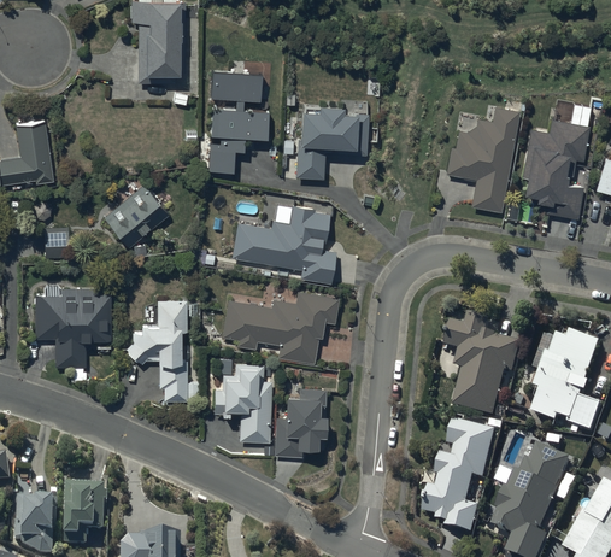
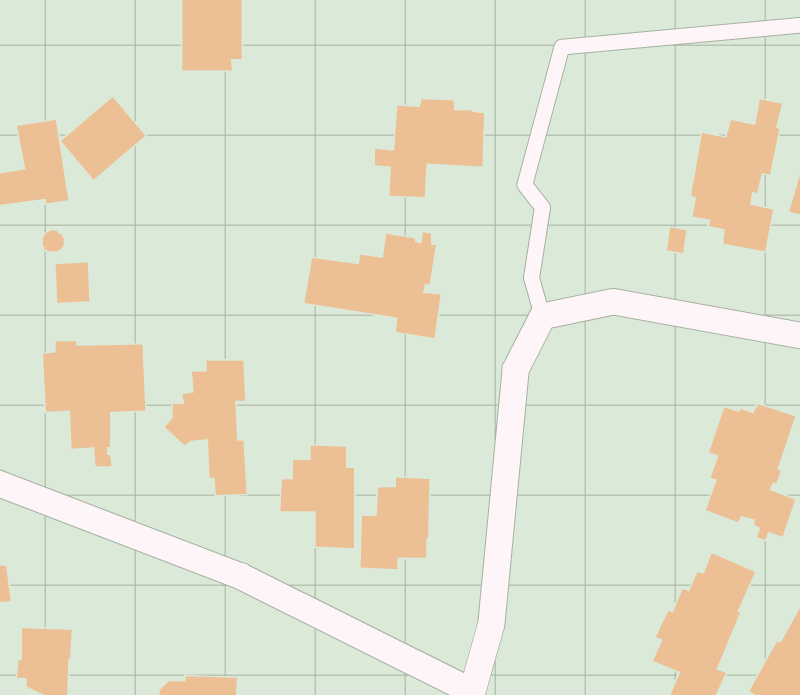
building: [210,70,268,171] -> none
building: [446,102,521,212] -> none
building: [104,184,169,248] -> [60,96,146,181]
building: [222,291,337,363] -> none
building: [445,315,522,418] -> none
building: [422,421,497,534] -> none
building: [64,487,107,546] -> none

